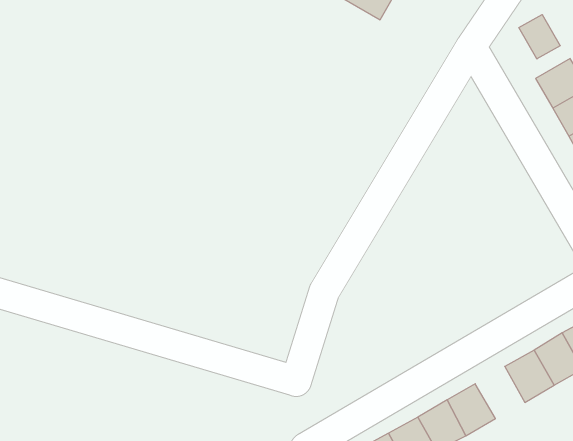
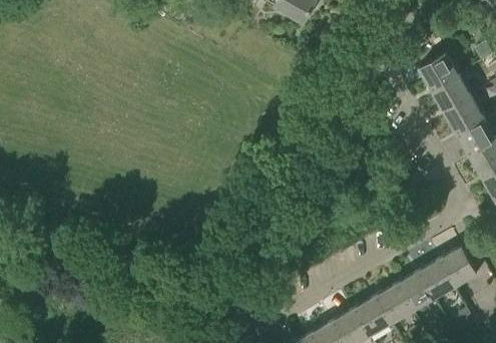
building: [519,15,560,59] -> none
building: none -> [375,284,412,323]

